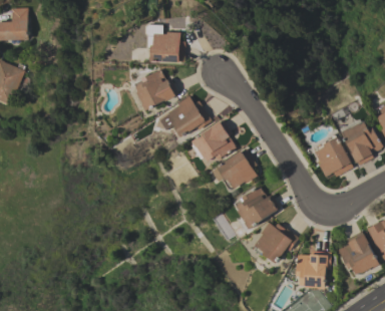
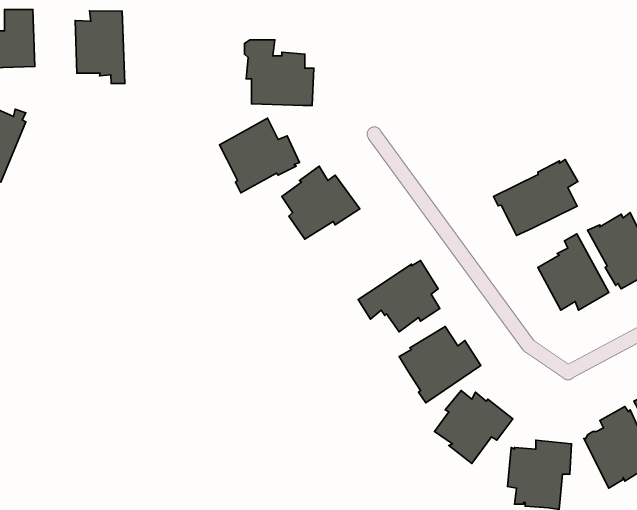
building: none -> [75,11,125,84]
building: none -> [493,159,578,236]
building: [191,120,236,162] -> none

